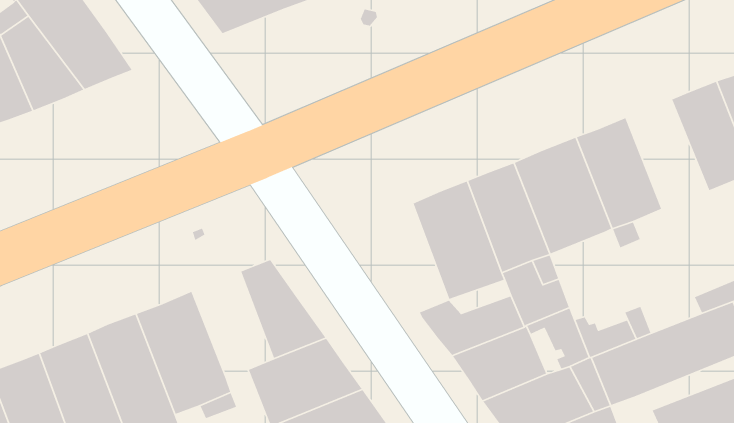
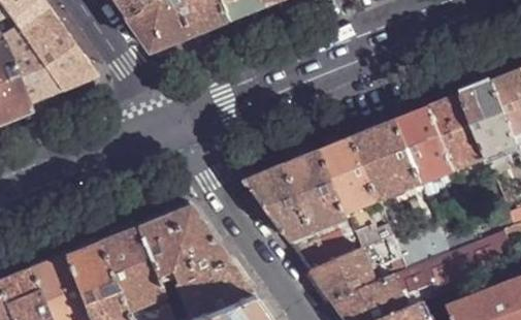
building: none -> [431,94,488,169]
building: none -> [248,165,311,239]
building: none -> [135,212,191,279]

